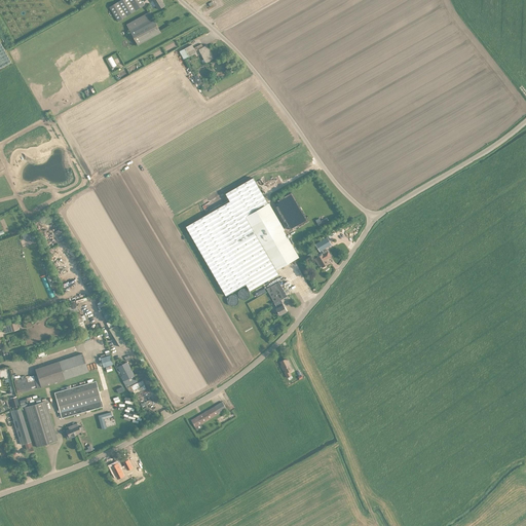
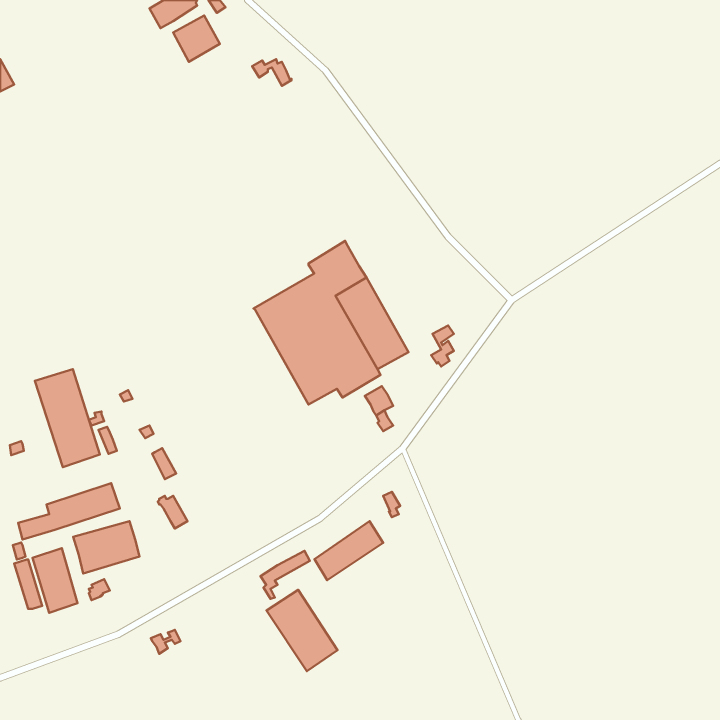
building: none -> [35,369,100,467]
building: none -> [315,521,383,580]
building: none -> [266,590,337,671]

